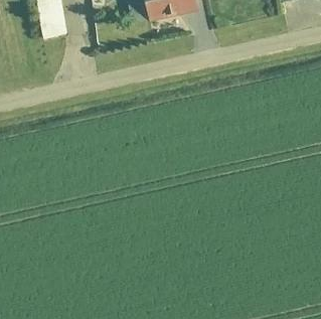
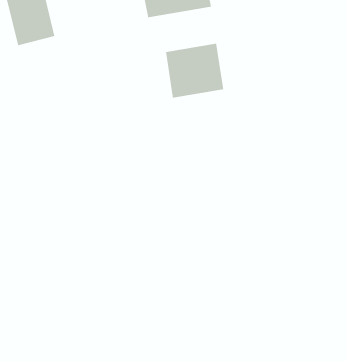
building: none -> [165,43,224,99]

